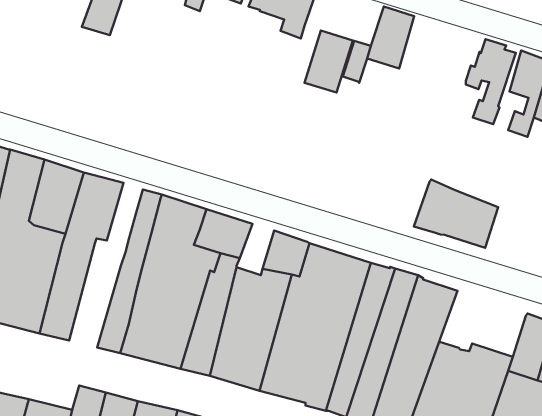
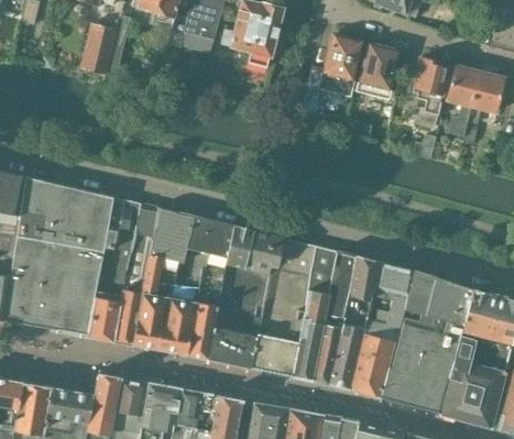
building: [304,31,353,93] -> [361,45,400,97]
building: [414,179,498,248] -> [403,270,473,325]
building: none -> [88,199,142,340]
building: none -> [226,227,255,270]

